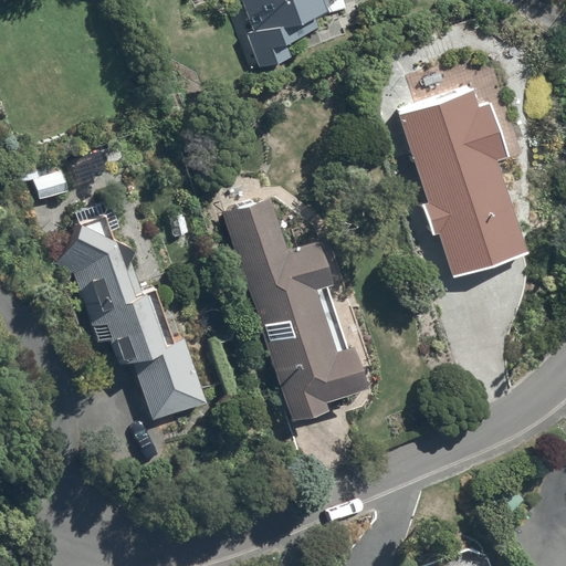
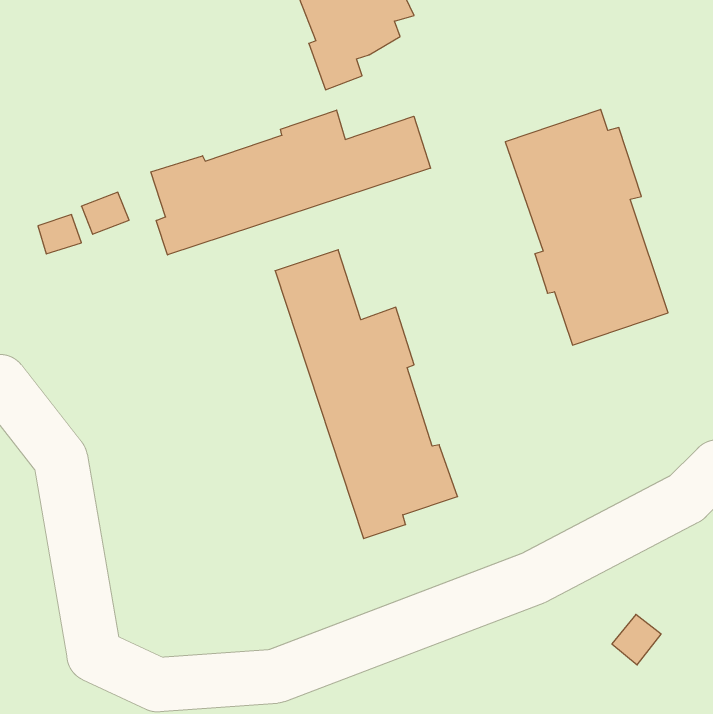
building: none -> [151,110,431,255]
building: [57,200,205,423] -> none

